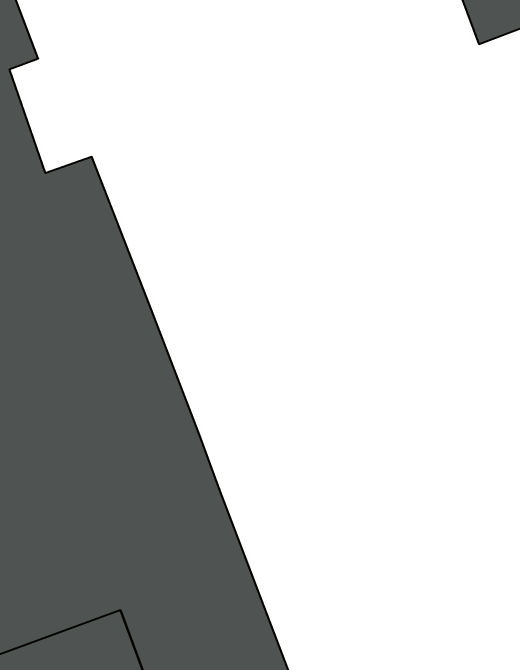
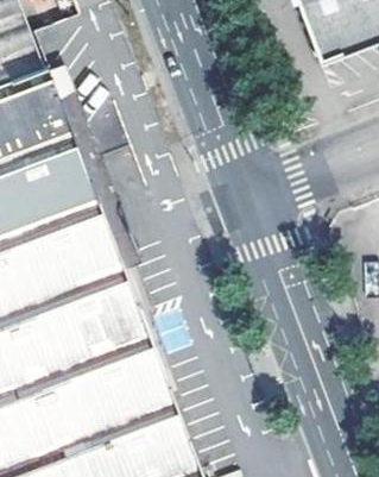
building: none -> [15,64,70,144]

